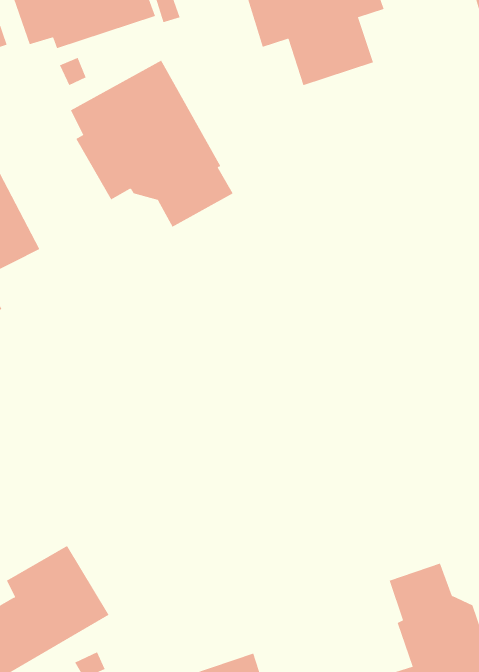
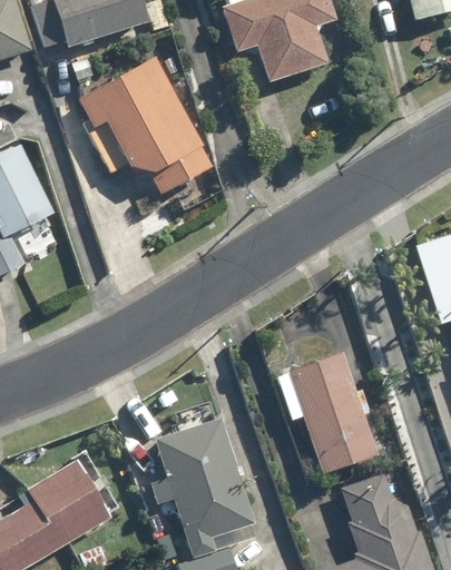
building: none -> [288,351,376,469]
building: none -> [151,415,254,554]

